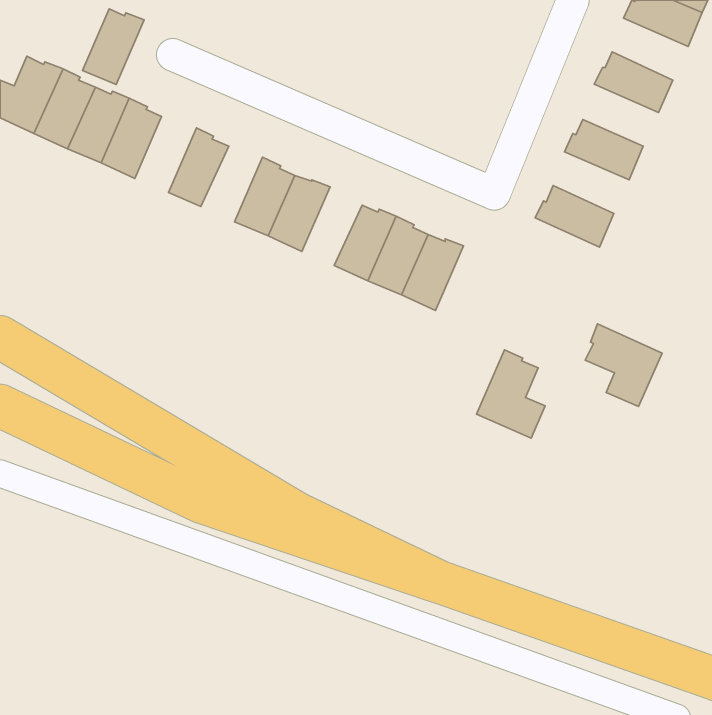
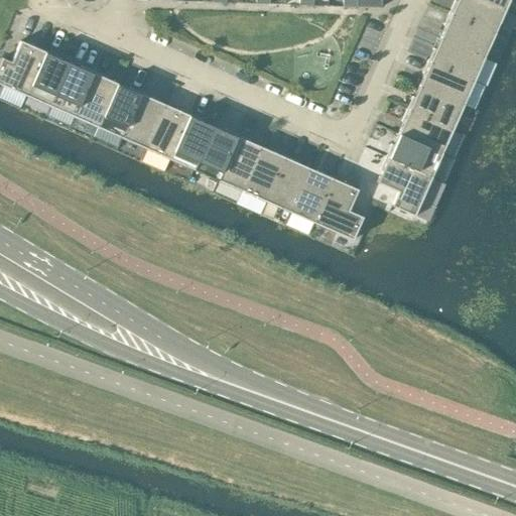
building: [82,9,144,85] -> [101,86,145,140]
building: none -> [443,15,498,59]
building: none -> [422,62,477,107]
building: none -> [148,107,192,161]
building: none -> [401,111,456,155]
building: none -> [221,136,264,192]
building: [585,324,662,407] -> [379,158,434,218]
building: [476,350,545,438] -> [316,178,366,242]

